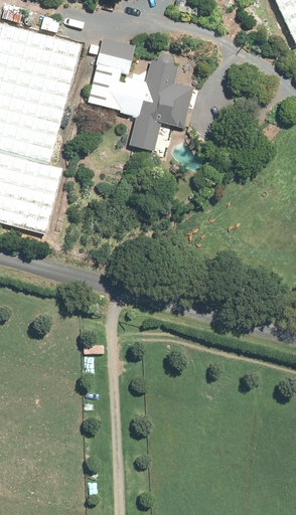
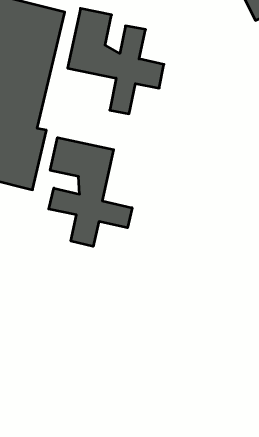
building: none -> [49,138,132,246]

